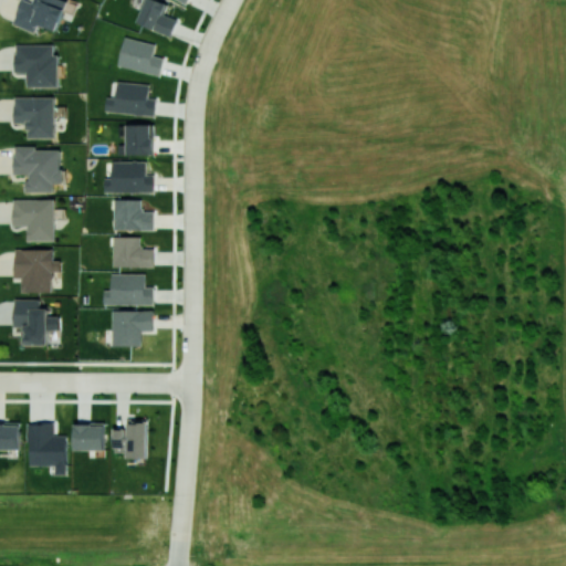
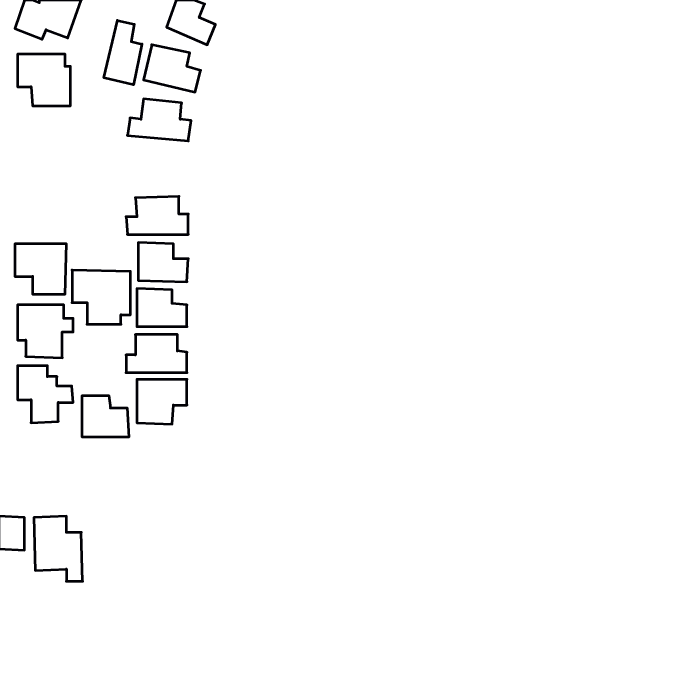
building: none -> [104,20,142,85]
building: [13,97,54,139] -> none
building: [125,125,153,156] -> none
building: [13,148,61,192] -> [72,270,130,324]
building: none -> [82,396,129,437]
building: [113,420,147,459] -> none
building: [74,423,104,451] -> none

